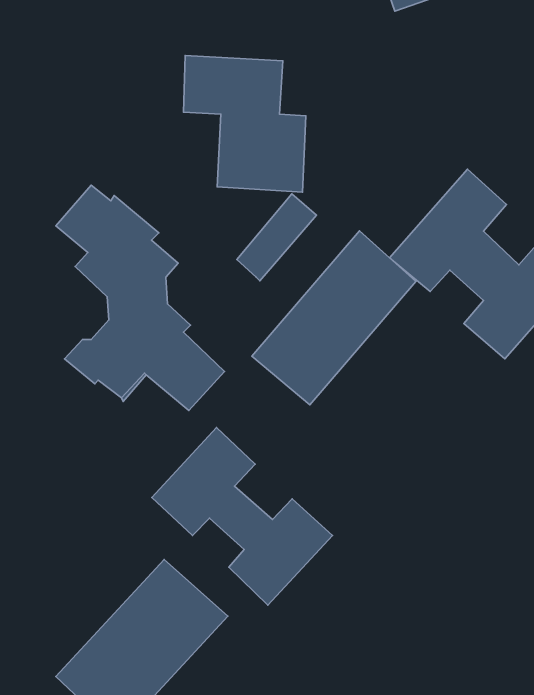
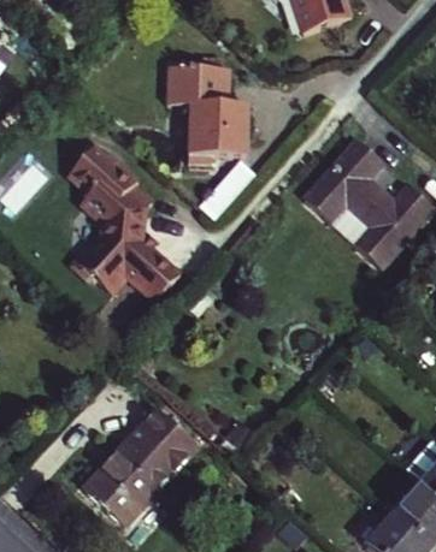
building: [252,231,416,405] -> none
building: [152,428,332,605] -> none

